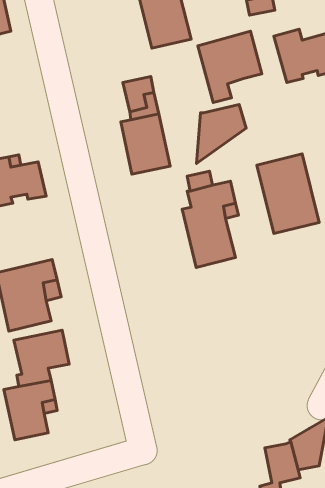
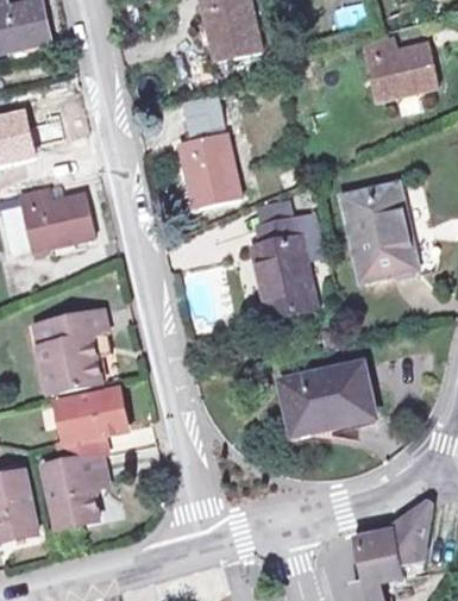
building: [198,31,262,103] -> none
building: [196,105,246,163] -> none
building: none -> [280,363,374,431]

